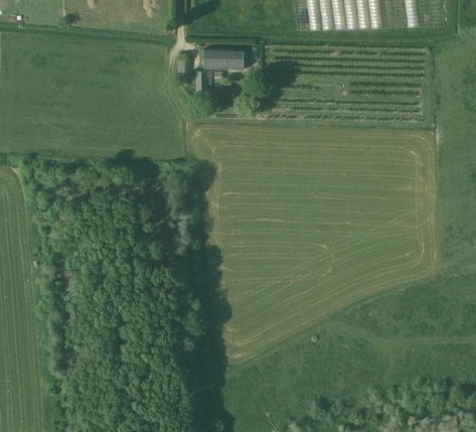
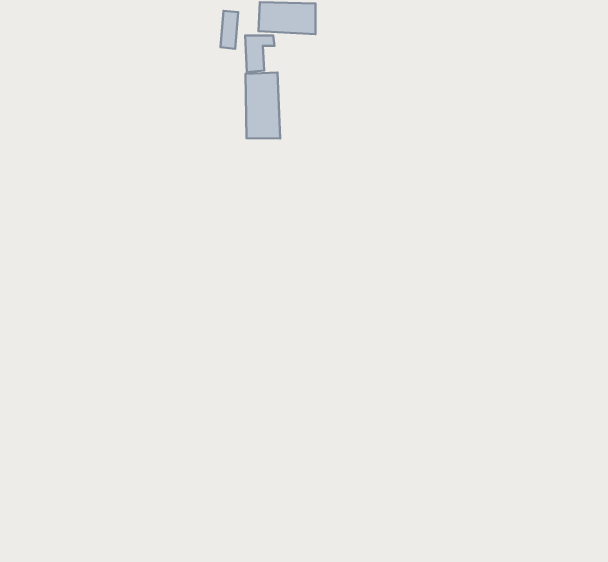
building: none -> [245,72,280,138]

